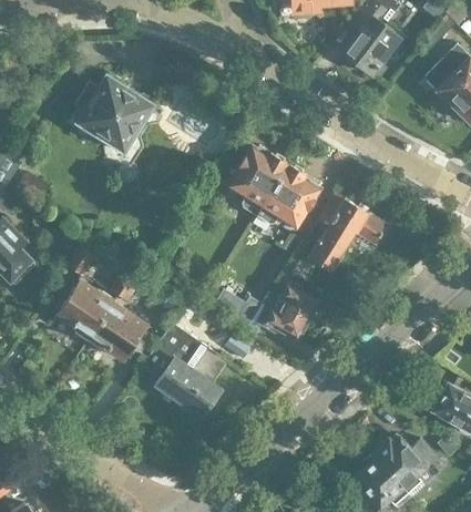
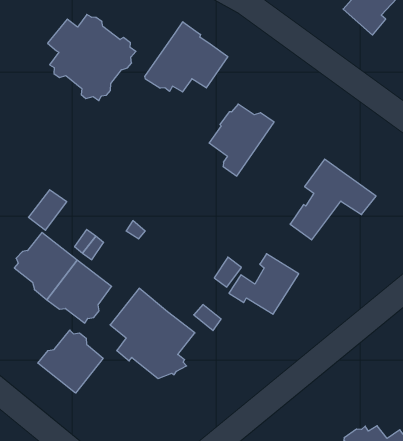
building: none -> [145,22,228,92]
building: [255,163,319,227] -> none
building: none -> [38,330,103,393]

